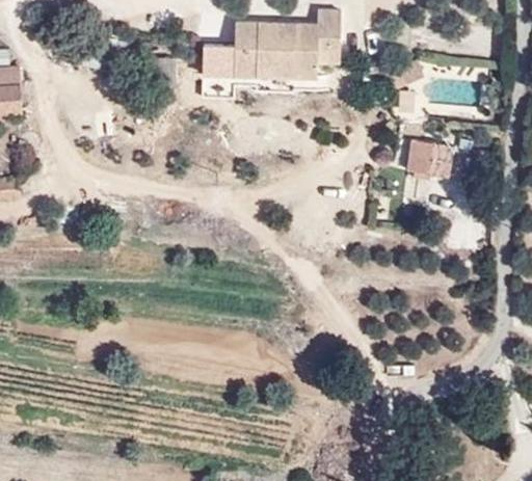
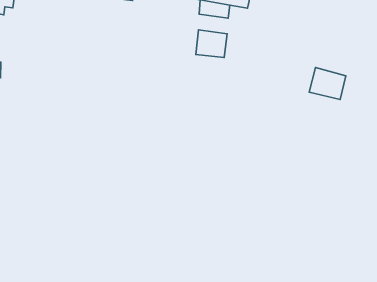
building: none -> [196,30,227,57]

